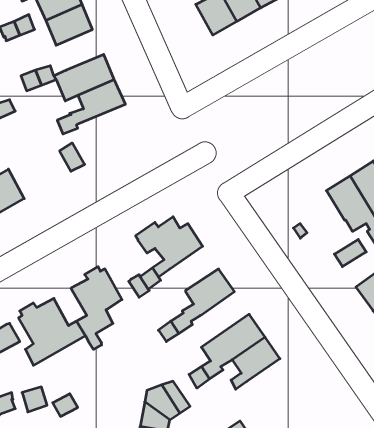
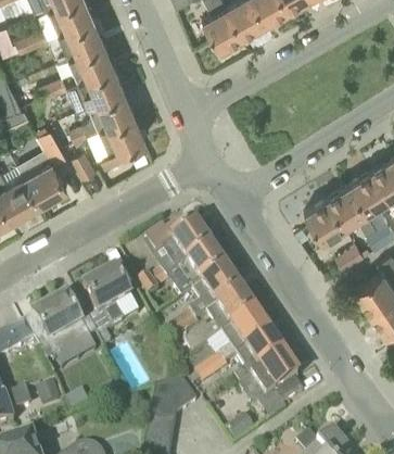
building: none -> [68,42,114,81]
building: none -> [90,114,144,167]
building: none -> [23,130,66,204]
building: none -> [304,197,344,239]
building: none -> [174,250,224,301]
building: none -> [185,293,253,355]
building: none -> [251,357,297,415]

